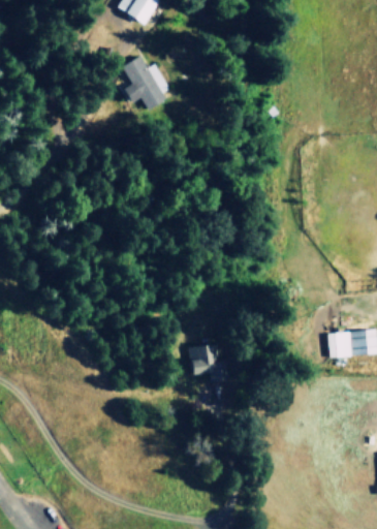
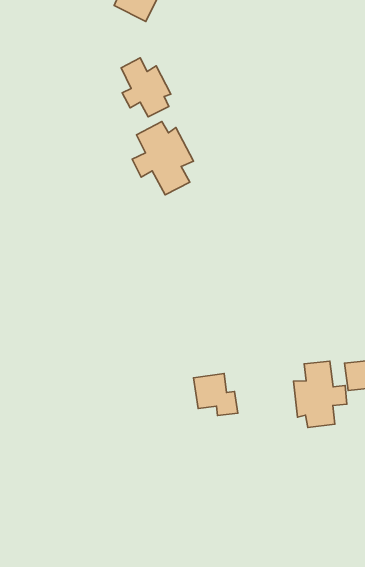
building: none -> [132,121,193,195]
building: none -> [294,361,347,428]

